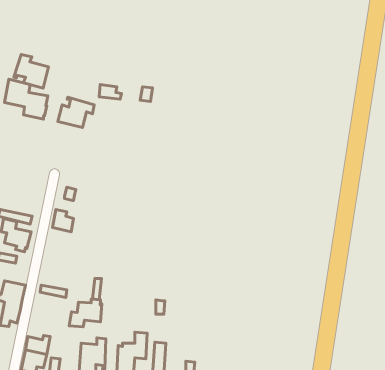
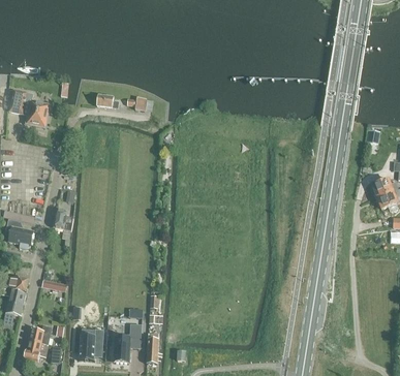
building: [14,54,48,88] -> none
building: [58,97,94,128] -> none
building: [69,299,102,327] -> none

